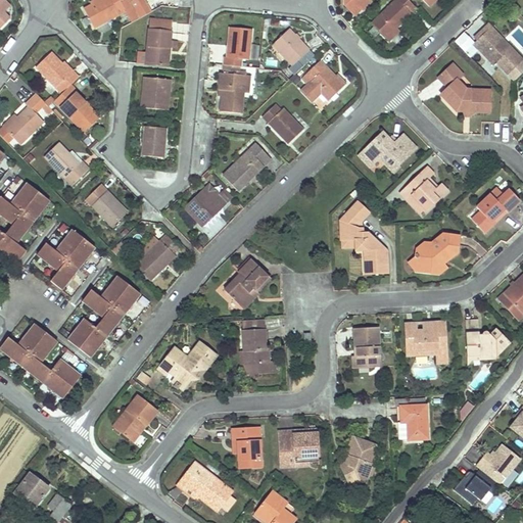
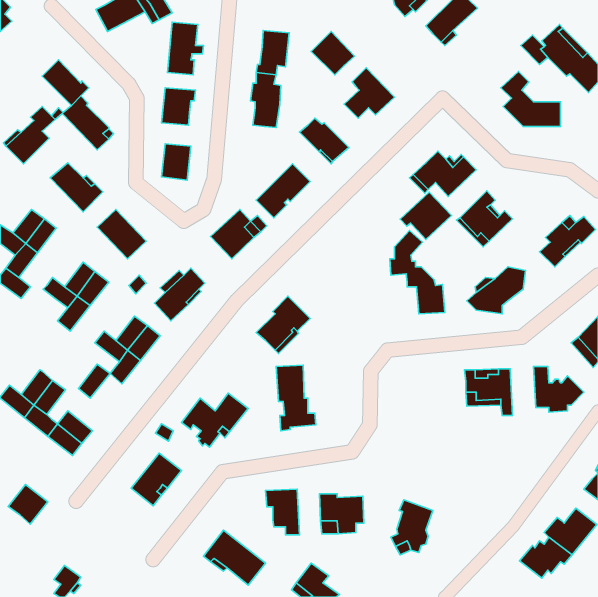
building: none -> [400,192,451,239]
building: [79,326,106,356] -> none
building: [352,328,379,369] -> none
building: [400,406,428,439] -> none
building: [14,473,49,508] -> [8,484,48,524]

